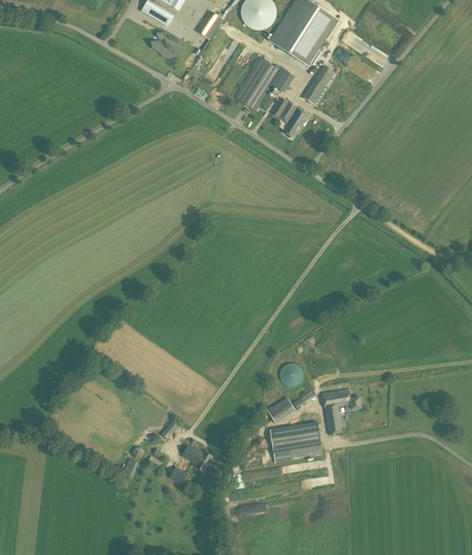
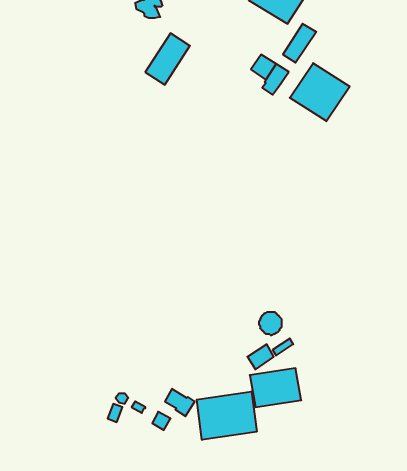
building: [233,57,279,110] -> [145,33,190,85]
building: none -> [290,63,350,121]
building: [322,388,360,433] -> none
building: none -> [197,391,257,440]

